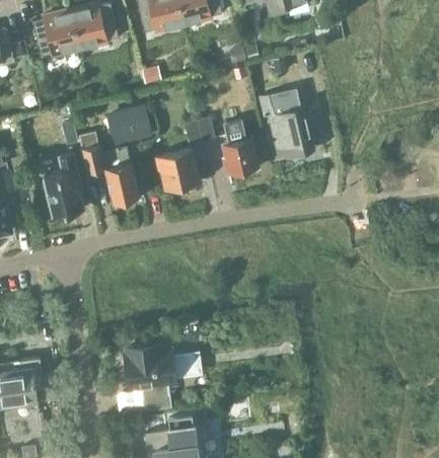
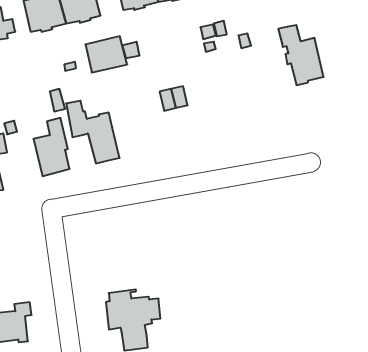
building: [260,91,310,158] -> [278,25,324,85]
building: [106,103,153,144] -> [85,36,127,73]
building: [222,118,258,174] -> none
building: [153,147,200,189] -> none

